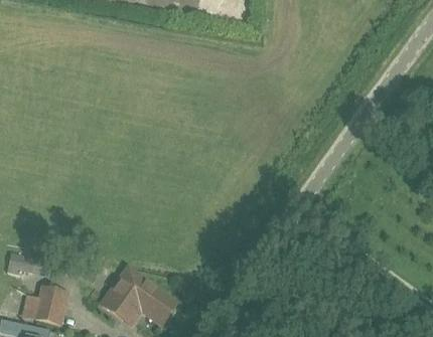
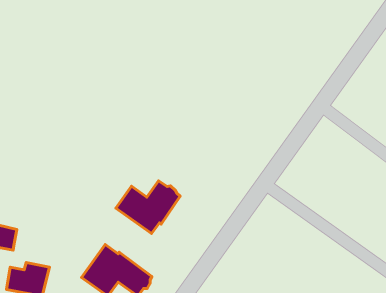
building: none -> [116,181,180,234]

